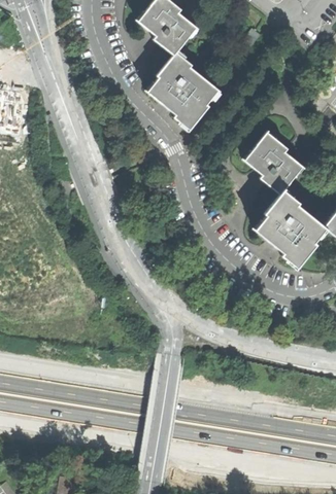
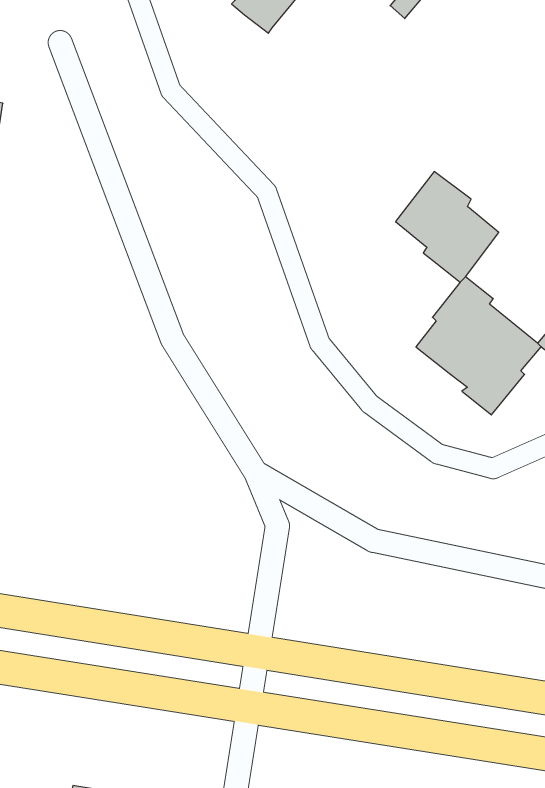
building: [148,52,217,130] -> none

